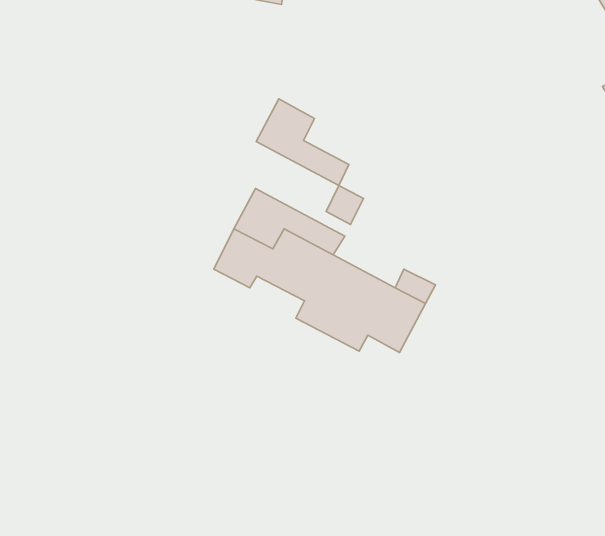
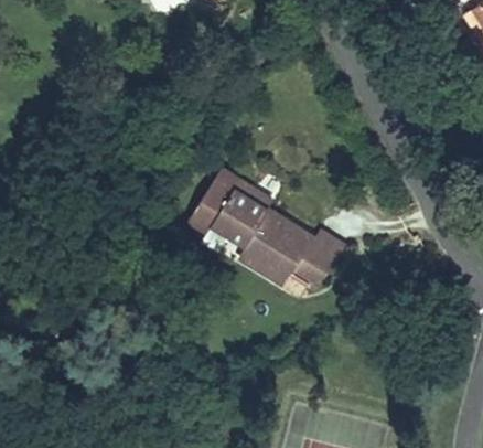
building: [256,99,349,186] -> none

